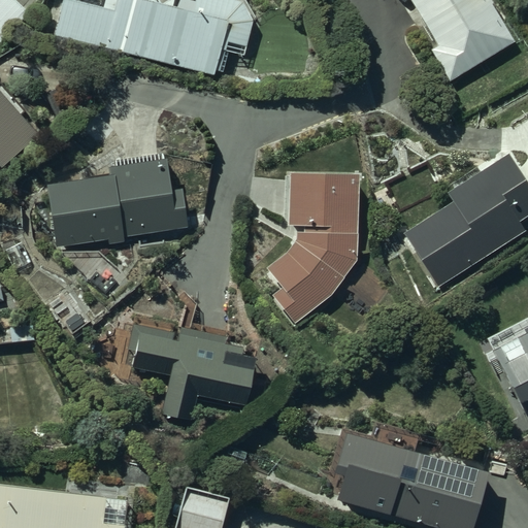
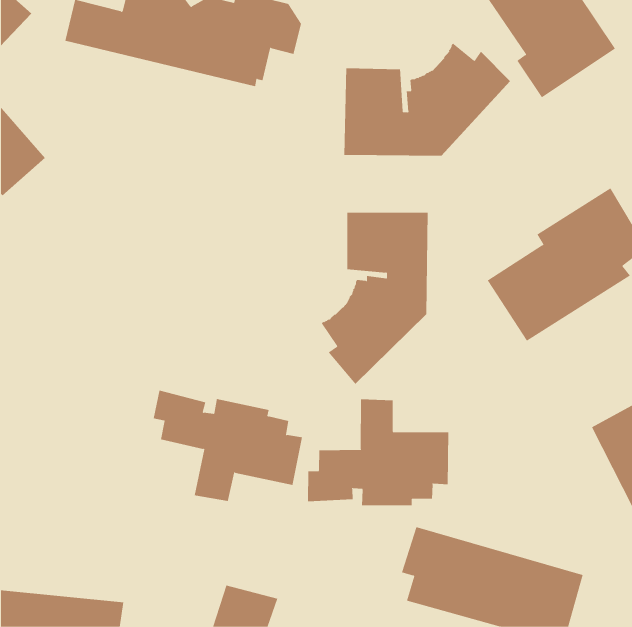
building: none -> [344,42,511,157]
building: [50,162,188,243] -> none
building: none -> [308,399,449,506]

